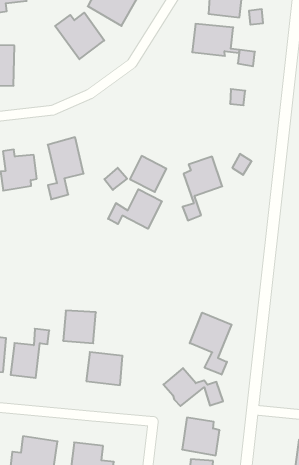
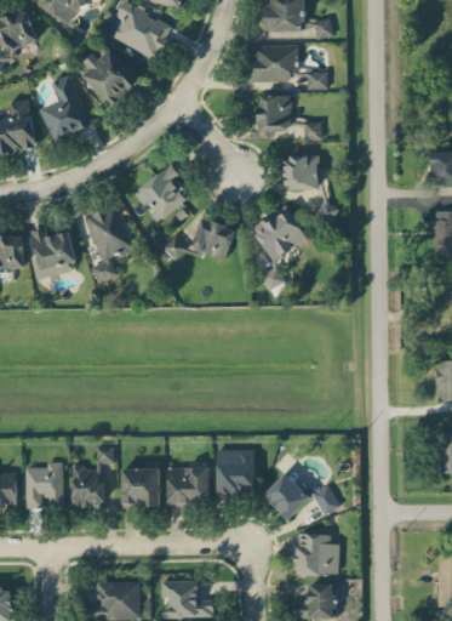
building: none -> [39,75,91,141]
building: none -> [258,95,291,131]
building: none -> [133,164,190,218]
building: none -> [284,155,319,189]
building: [108,189,162,229] -> none
building: [63,311,96,343] -> [121,467,160,507]
building: [190,313,232,375] -> none
building: none -> [217,452,254,492]

